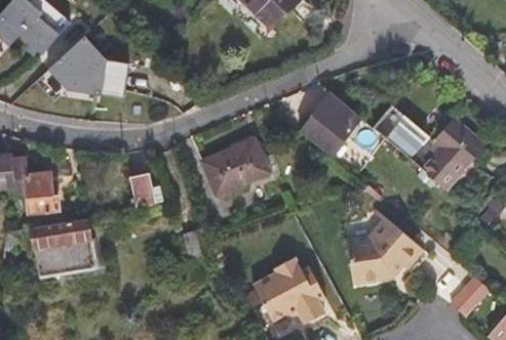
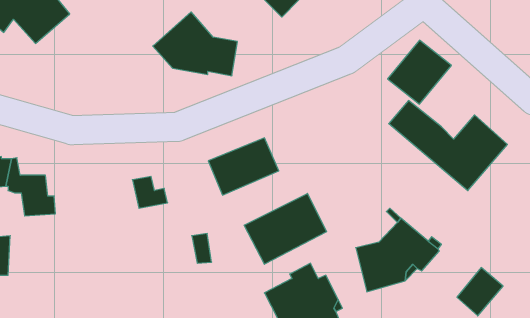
building: [49,35,128,94] -> [153,12,237,76]
building: [301,96,360,156] -> [388,40,451,104]
building: none -> [244,193,327,264]
building: [32,220,96,279] -> none

